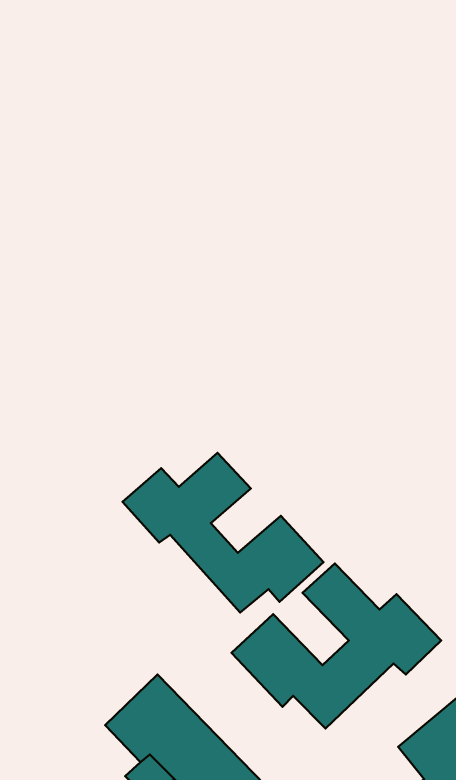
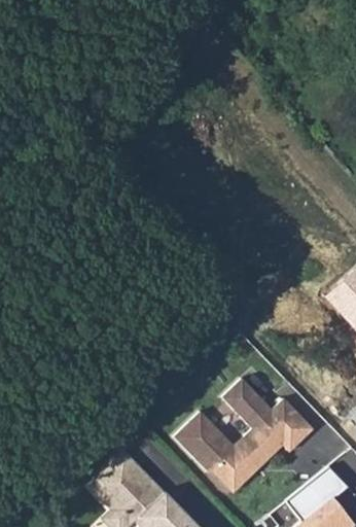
building: [123,453,324,612] -> none

